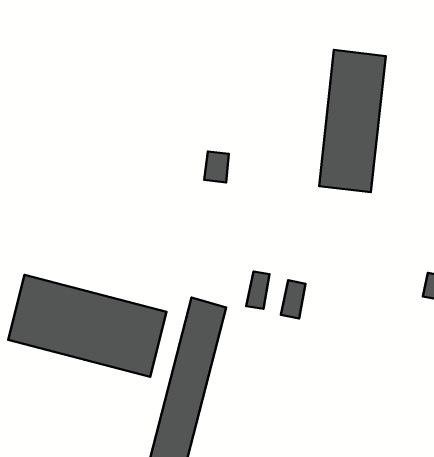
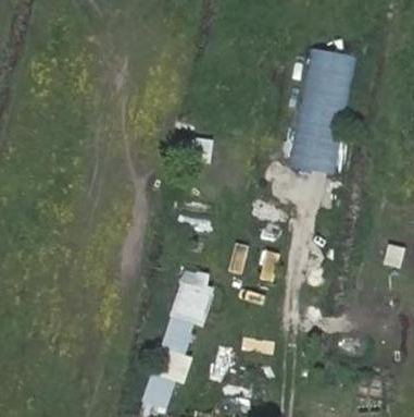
building: [8,275,166,377] -> none

